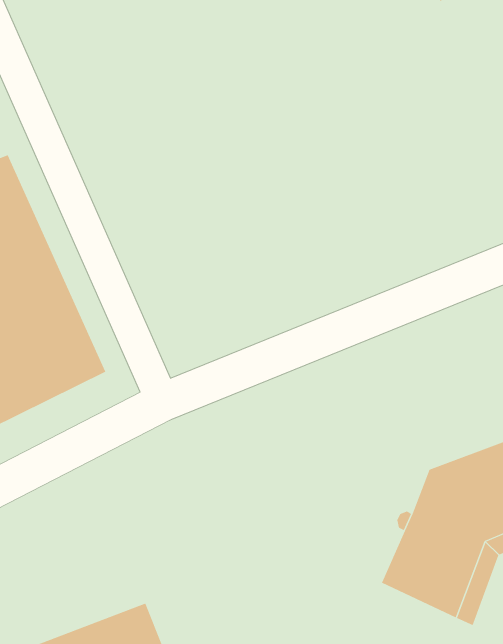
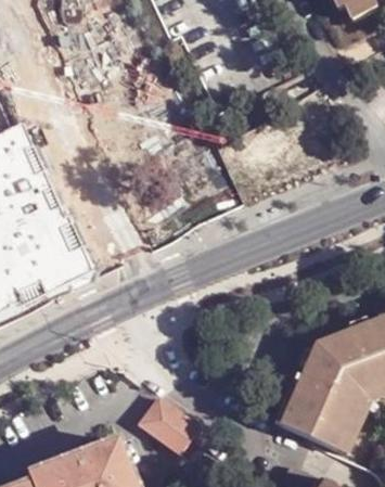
building: none -> [136,395,196,450]

